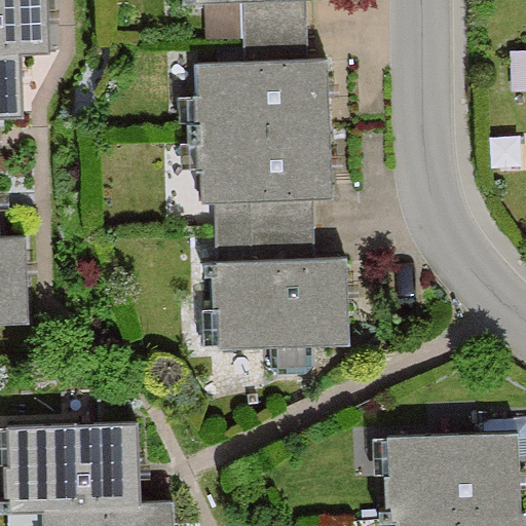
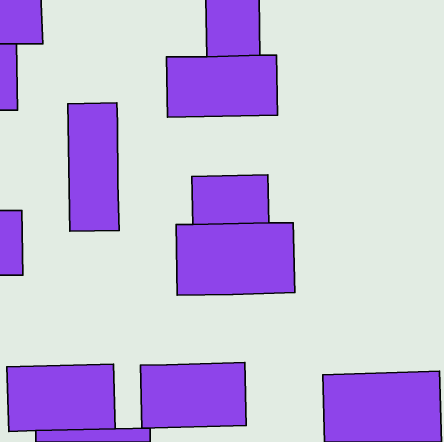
building: none -> [68,103,119,231]
building: [197,136,328,208] -> none
building: none -> [140,363,246,428]

